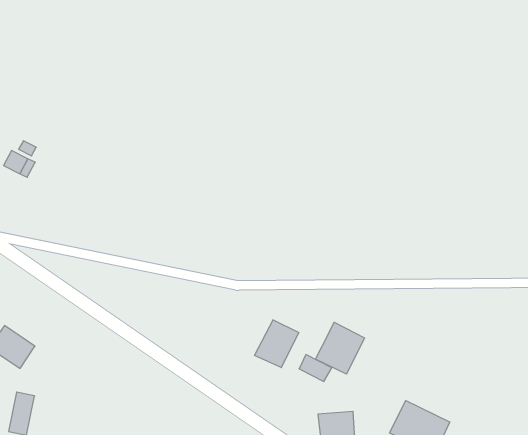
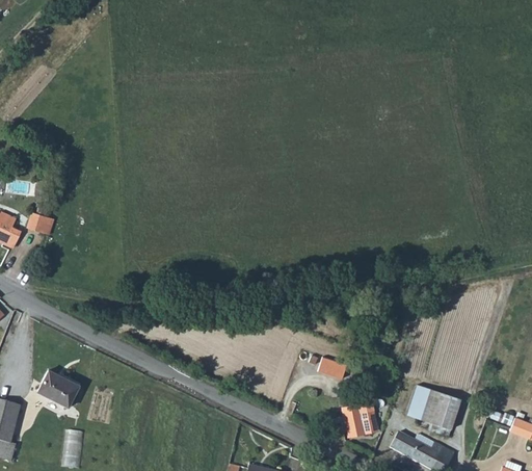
building: [255,320,299,368] -> none
building: [315,322,364,374] -> none

